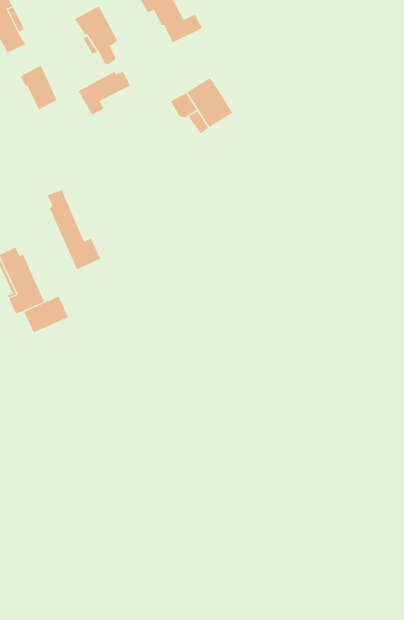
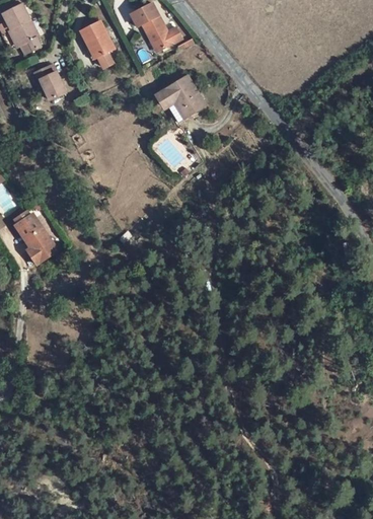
building: [78,70,131,116] -> none
building: [47,189,101,270] -> none
building: [24,296,69,333] -> none

